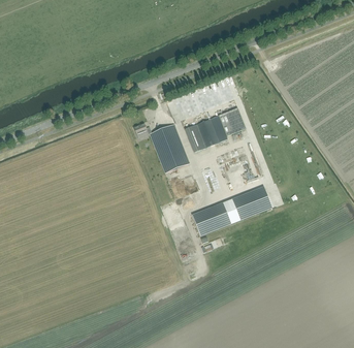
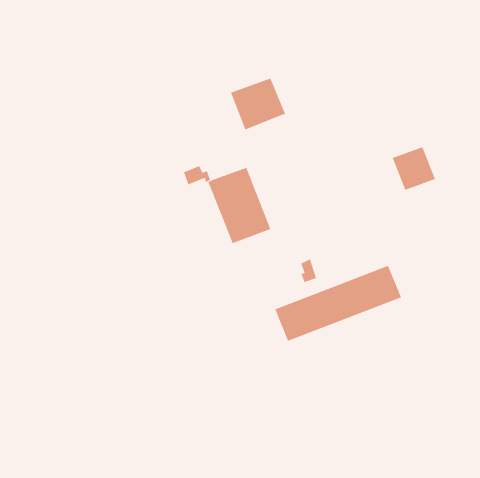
building: [218,107,246,135] -> [392,147,436,191]
building: [184,119,219,152] -> [230,78,286,130]

